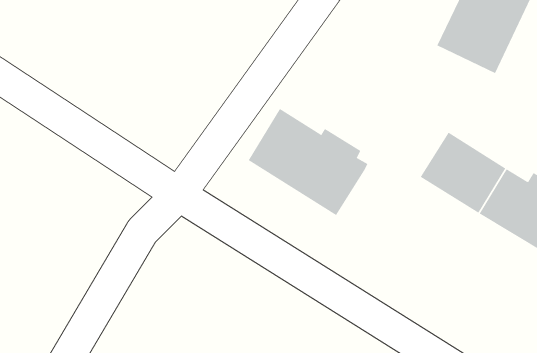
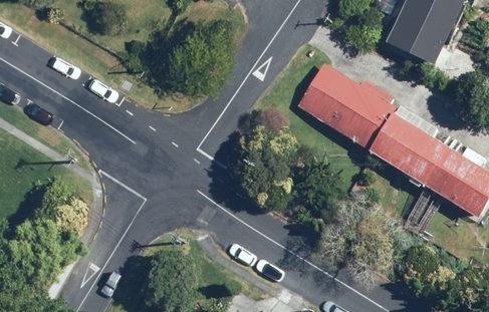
building: [248,108,368,216] -> [296,64,399,155]

